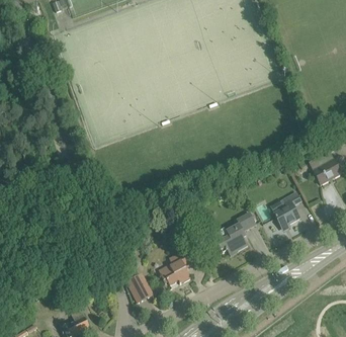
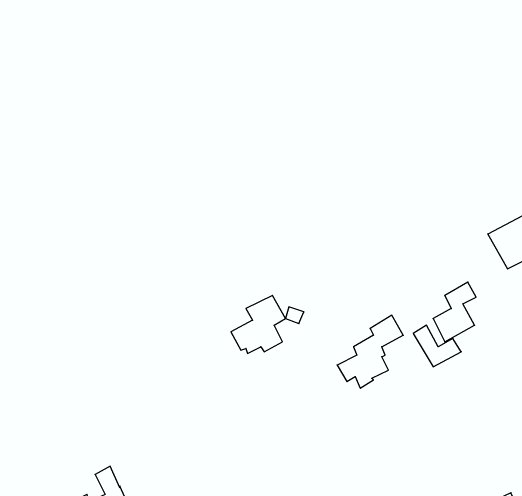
building: [160,248,193,283] -> [231,295,286,353]
building: [127,272,153,301] -> none

